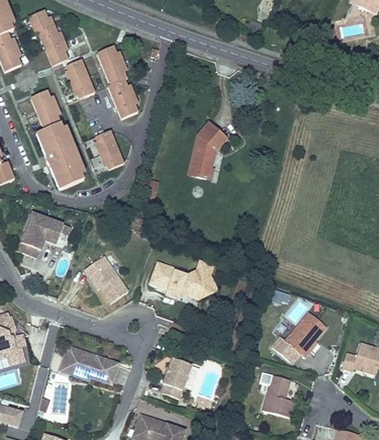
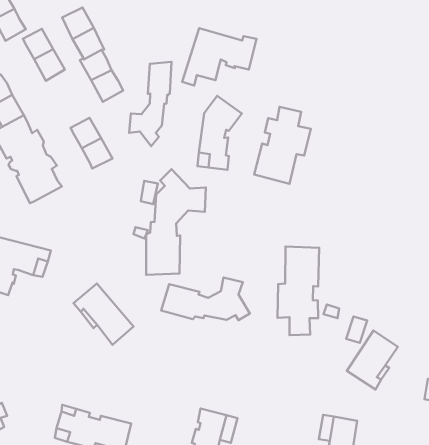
building: none -> [182,28,257,85]
building: none -> [129,62,171,146]
building: none -> [254,107,311,184]
building: none -> [146,169,206,275]
building: none -> [277,247,319,335]

